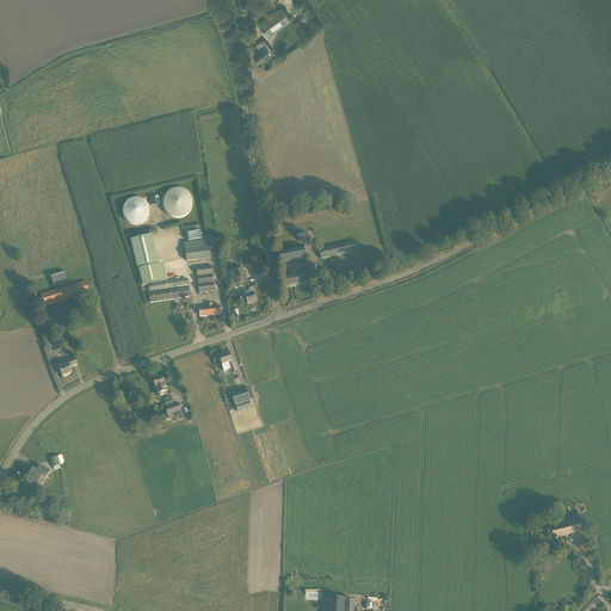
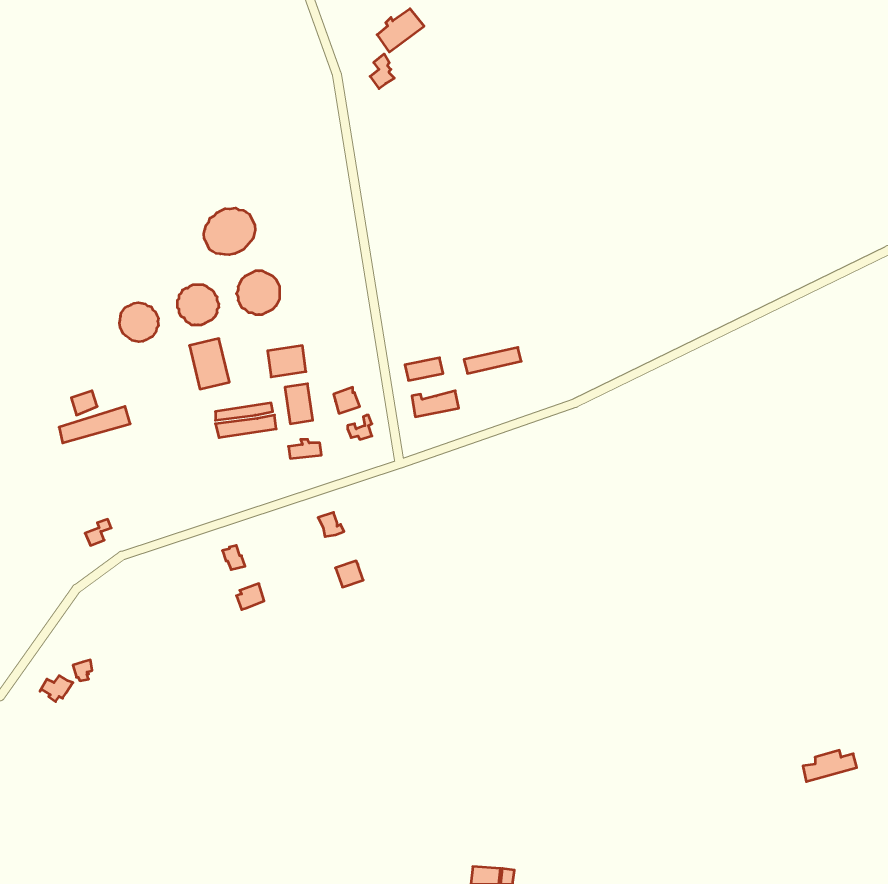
building: none -> [204,208,255,255]
building: none -> [119,303,158,342]

